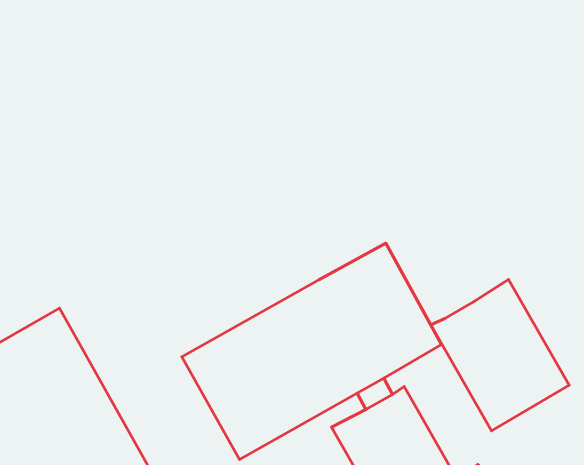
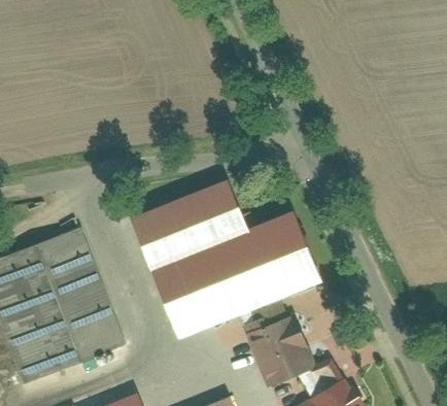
building: none -> [132,181,246,268]
building: [431,279,569,431] -> none

